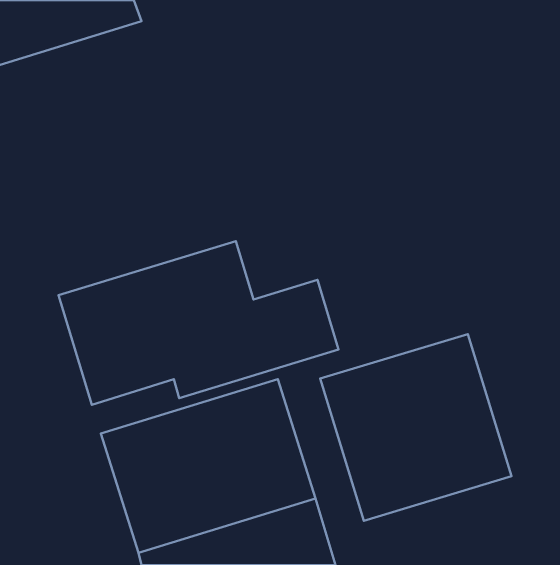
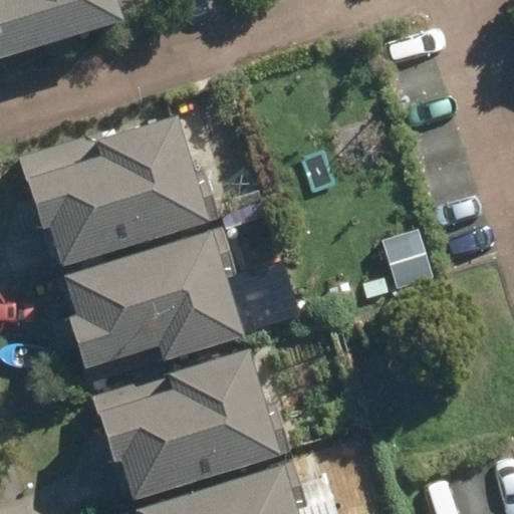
building: none -> [20,110,214,268]
building: [320,334,511,521] -> none

